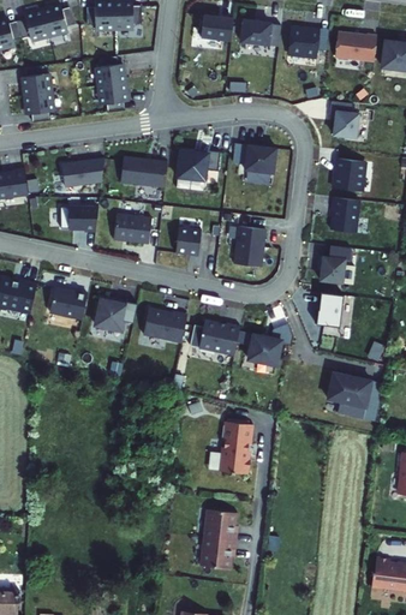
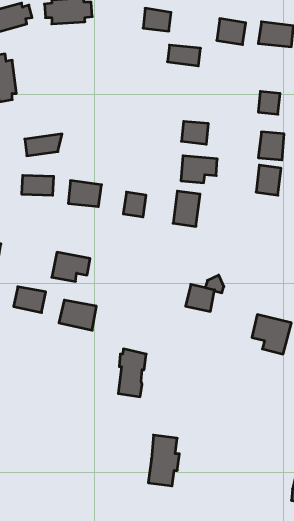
building: [239,22,277,46] -> [167,45,201,66]
building: [94,58,126,112] -> none
building: [178,148,220,179] -> [181,156,217,183]
building: [120,157,167,189] -> none
building: [321,256,346,282] -> none
building: [50,289,88,320] -> [14,287,46,313]
building: [317,292,345,326] -> none
building: [143,309,186,344] -> [59,300,96,330]
building: [191,320,241,354] -> none
building: [226,418,258,473] -> [118,349,146,397]

